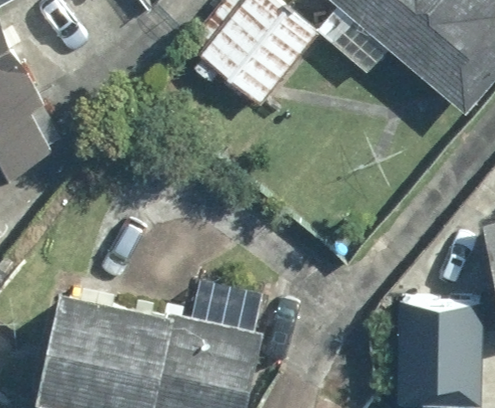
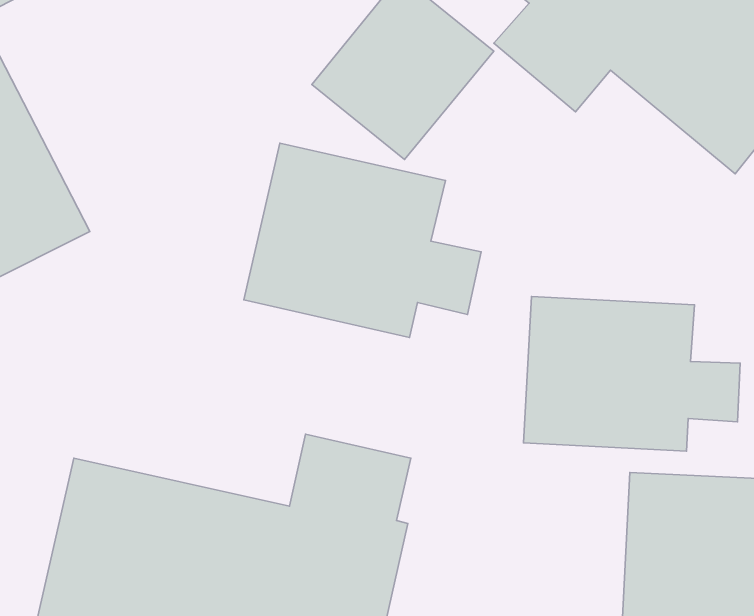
building: none -> [244,143,481,337]
building: none -> [524,296,740,451]

